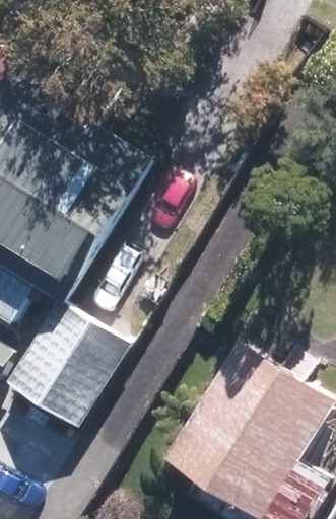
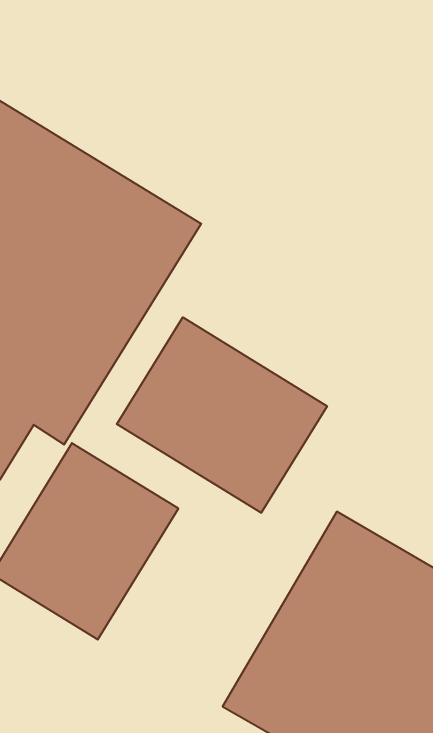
building: none -> [117,317,327,513]

